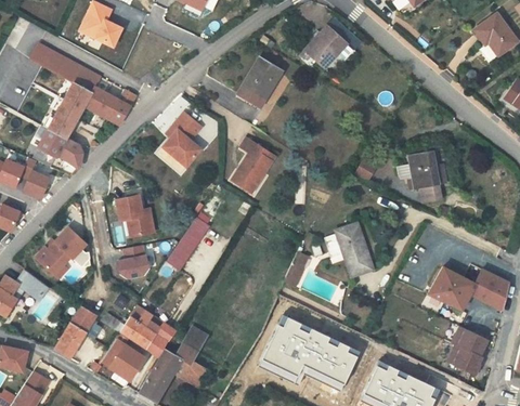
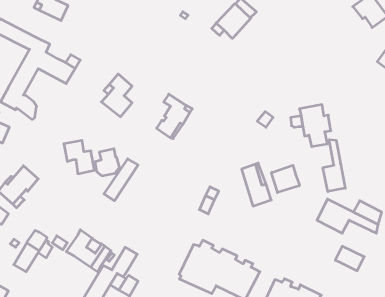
building: [237,58,282,107] -> none
building: none -> [323,140,345,192]
building: none -> [271,165,299,193]
building: [118,245,148,278] -> [95,149,119,176]
building: [101,332,144,380] -> none
building: [447,344,481,375] -> none

